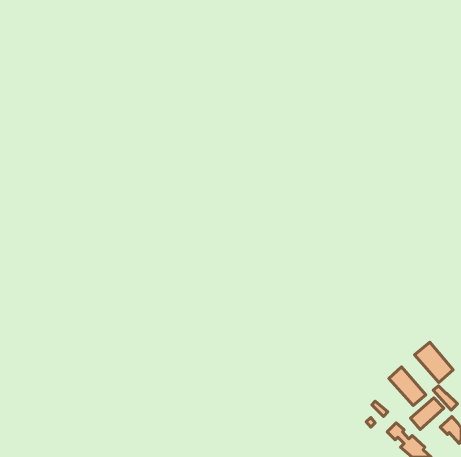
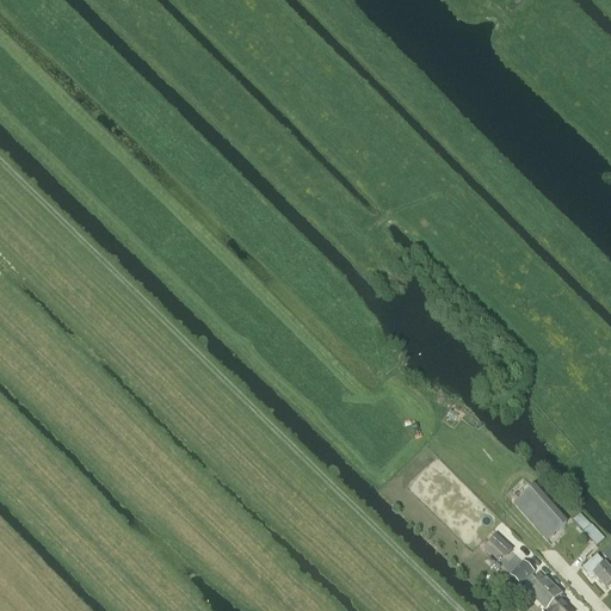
building: [415,342,453,383] -> none
building: [411,398,444,430] -> none

